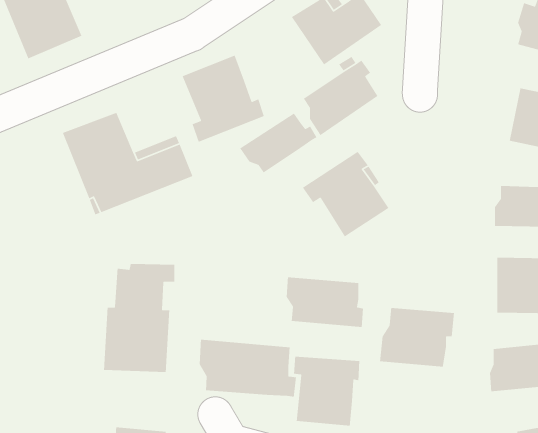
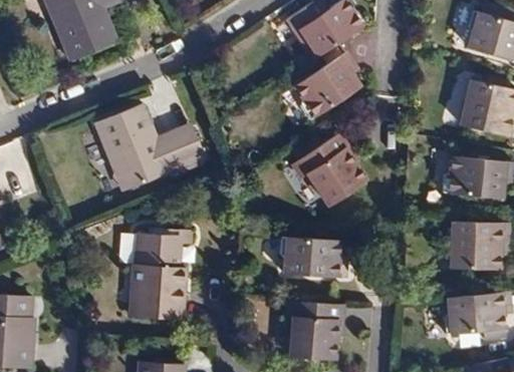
building: [182,55,265,143] -> none
building: [239,112,318,173] -> none
building: [379,307,455,367] -> none
building: [199,339,297,398] -> none

